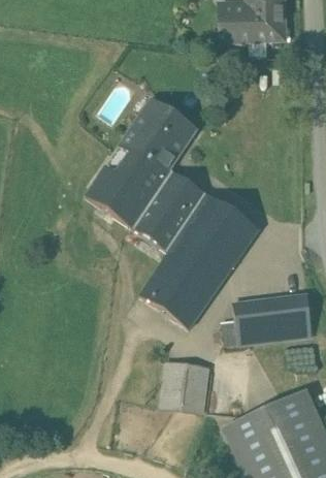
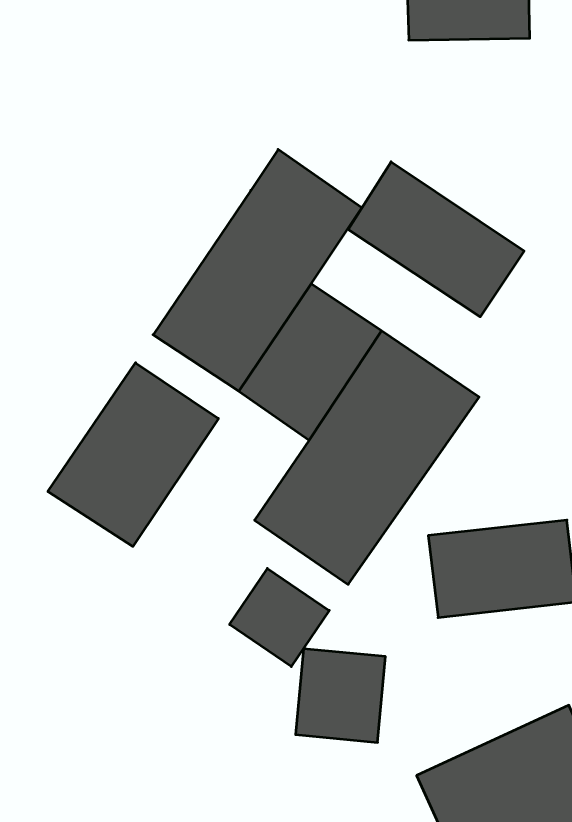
building: none -> [348,162,524,317]
building: none -> [48,363,218,546]
building: none -> [230,568,329,667]

